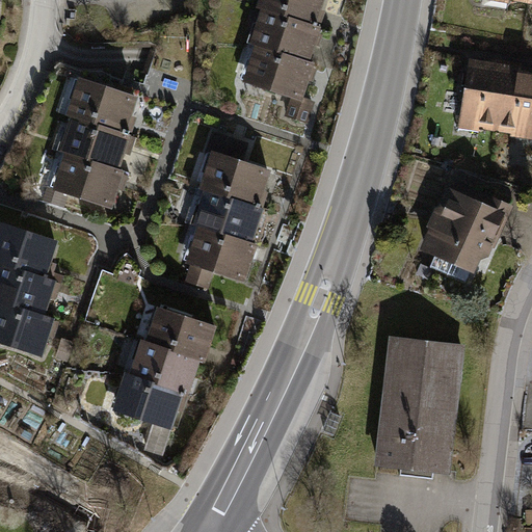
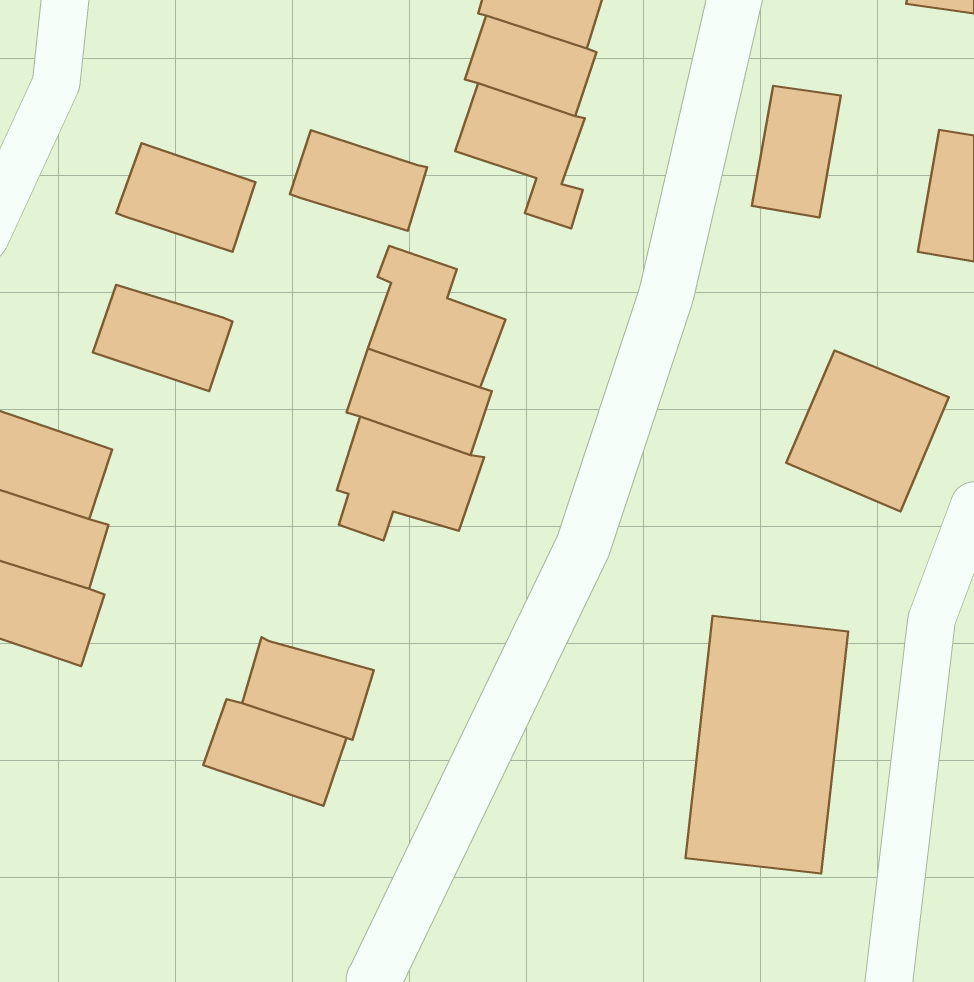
building: [456,64,504,135] -> [752,86,841,217]
building: [56,116,130,170] -> [290,130,427,231]
building: [144,308,218,362] -> none

